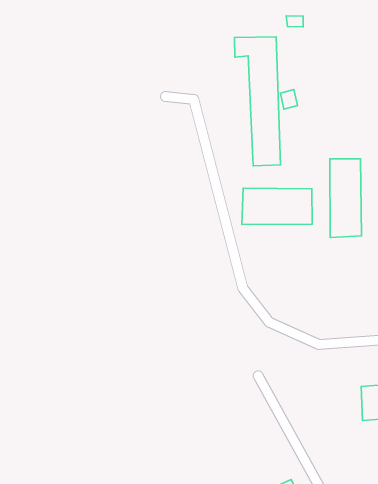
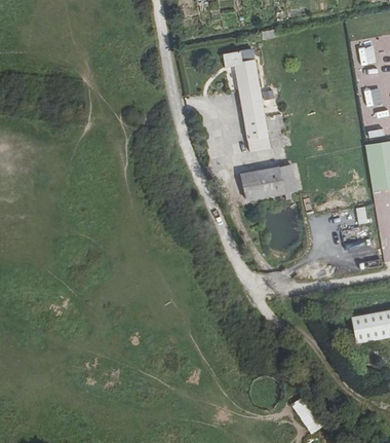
building: [330,159,362,237] -> none

